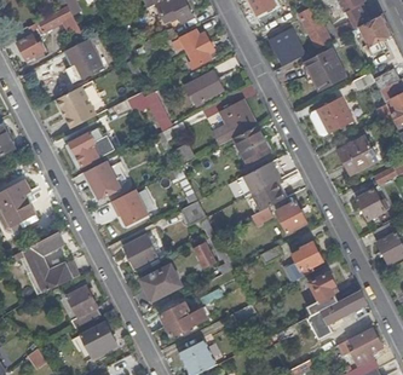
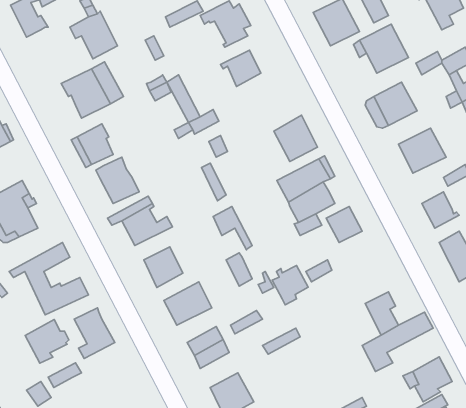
building: [211,98,257,145] -> none
building: [293,242,323,275] -> [272,266,308,305]
building: [80,321,116,357] -> [25,320,69,363]

